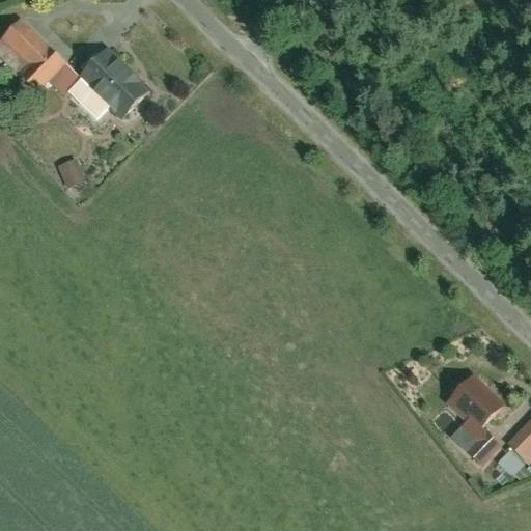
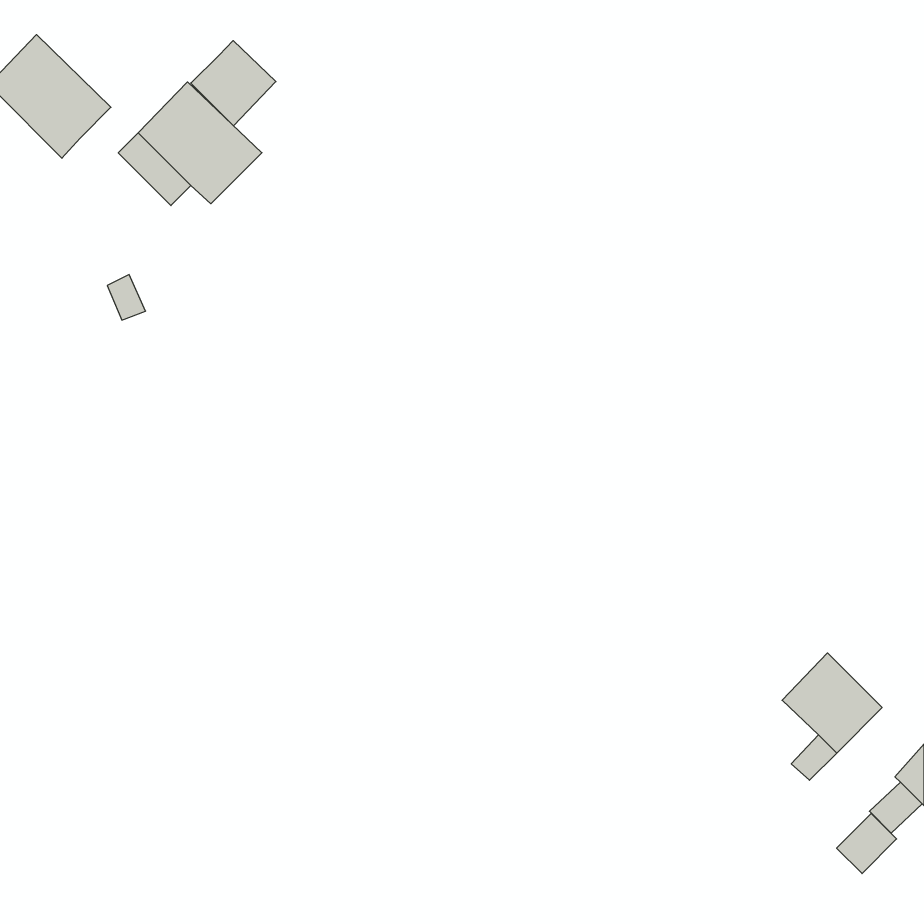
building: none -> [191,41,276,126]
building: [46,61,79,93] -> none
building: [468,430,502,465] -> [837,813,897,874]

